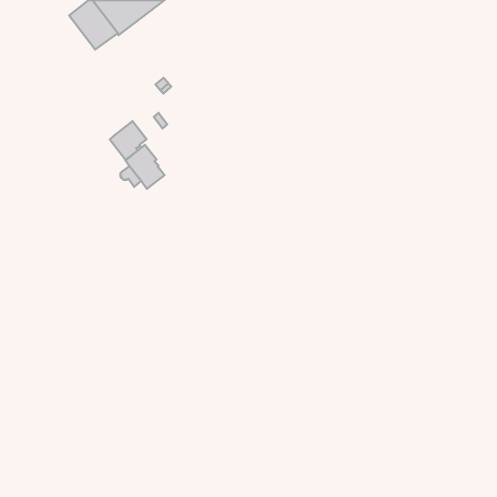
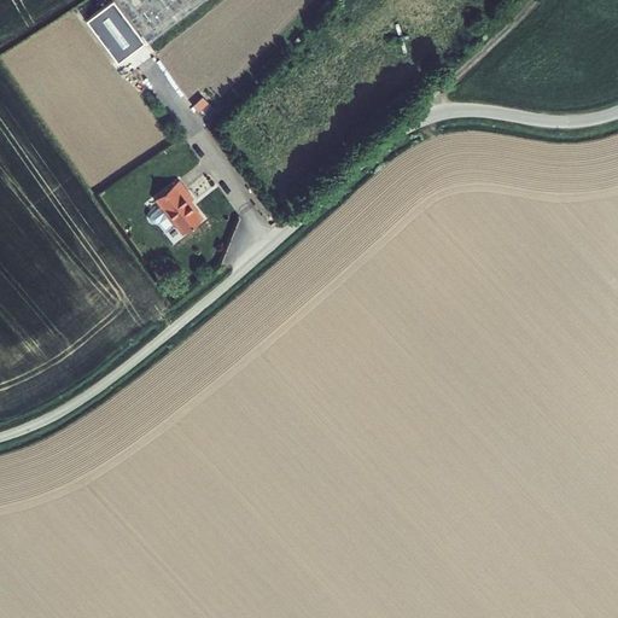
building: [110,121,147,160] -> none

